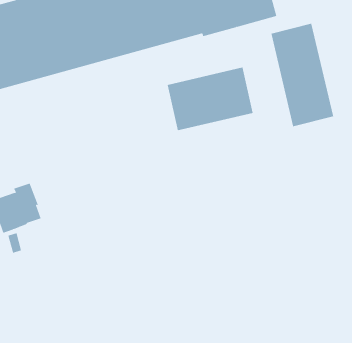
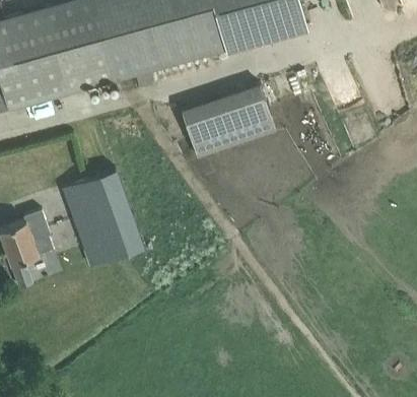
building: [271,23,334,127] -> none
building: none -> [60,172,143,270]

